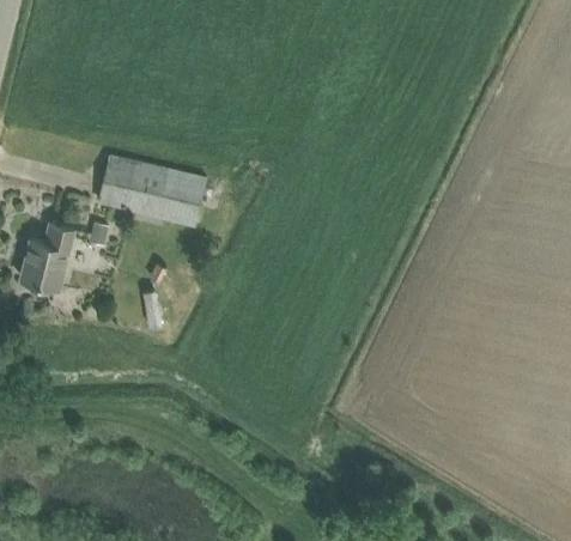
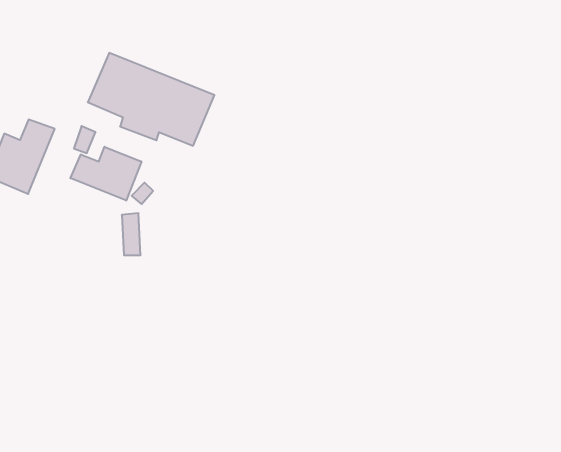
building: none -> [70,147,141,201]

